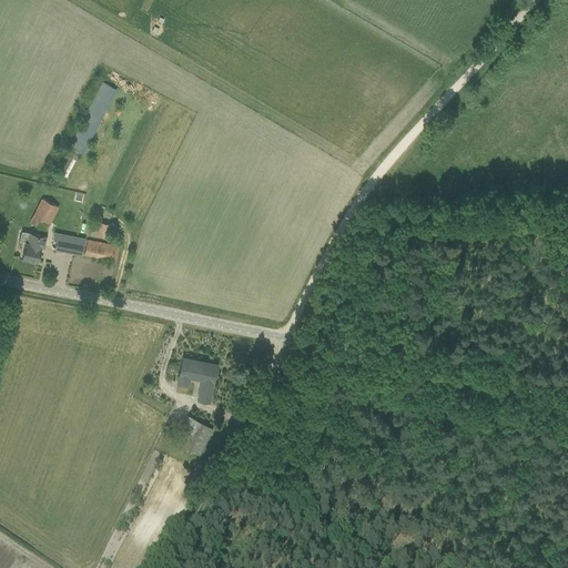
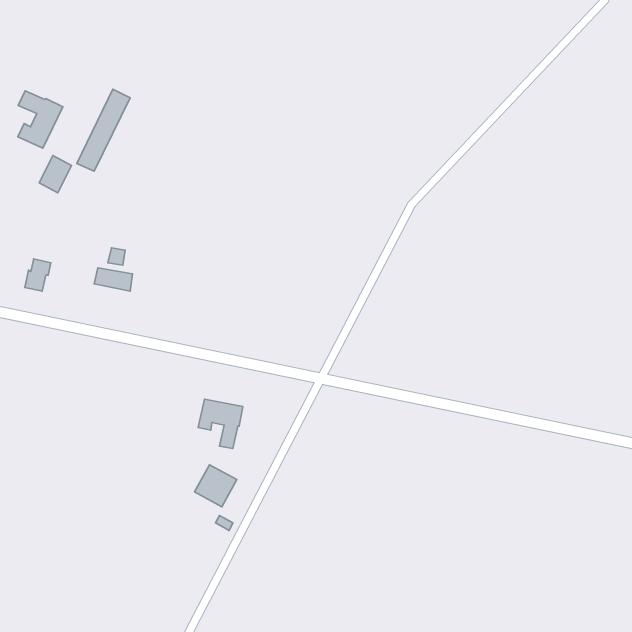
building: none -> [18,91,63,148]
building: [31,199,60,232] -> [39,156,72,193]
building: [55,234,87,255] -> none

